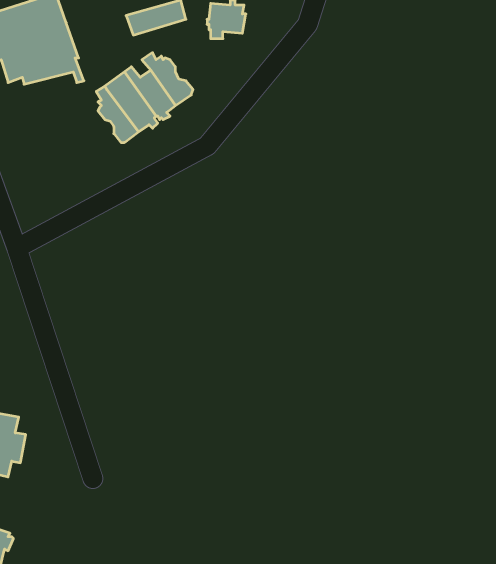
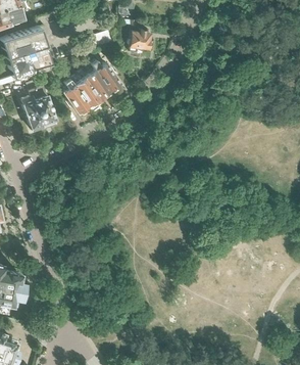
building: none -> [20,80,57,130]

